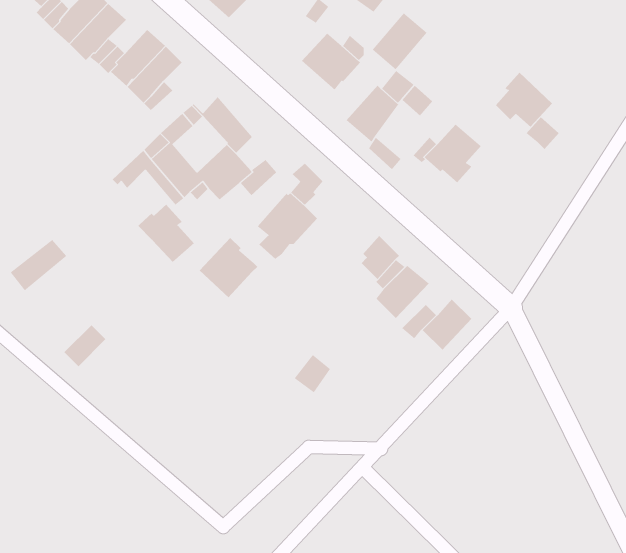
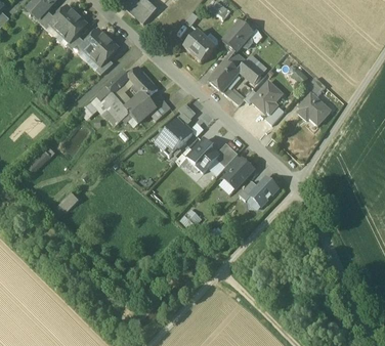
building: [495,72,553,128] -> [299,92,331,123]
building: [138,204,195,263] -> none
building: [199,237,258,298] -> [187,137,220,171]

